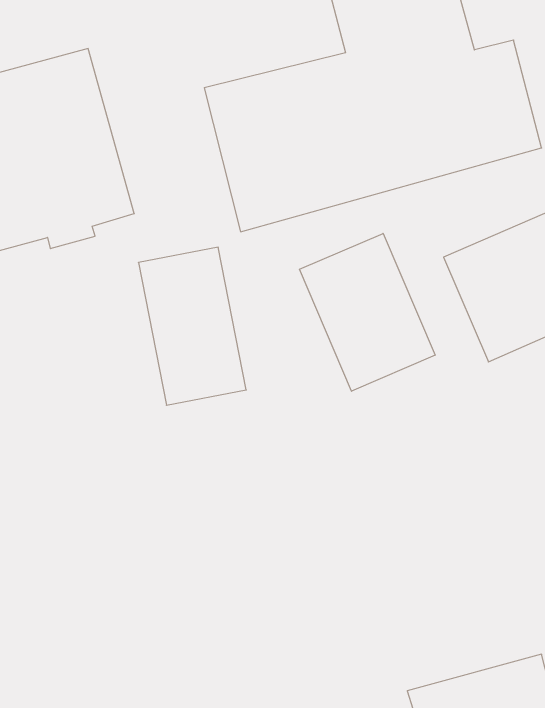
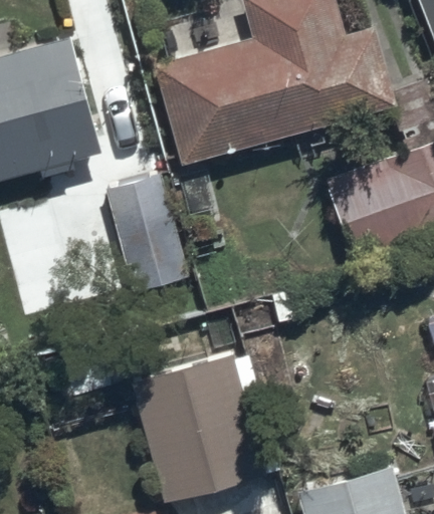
building: [300,233,435,391] -> none
building: none -> [133,352,279,501]

